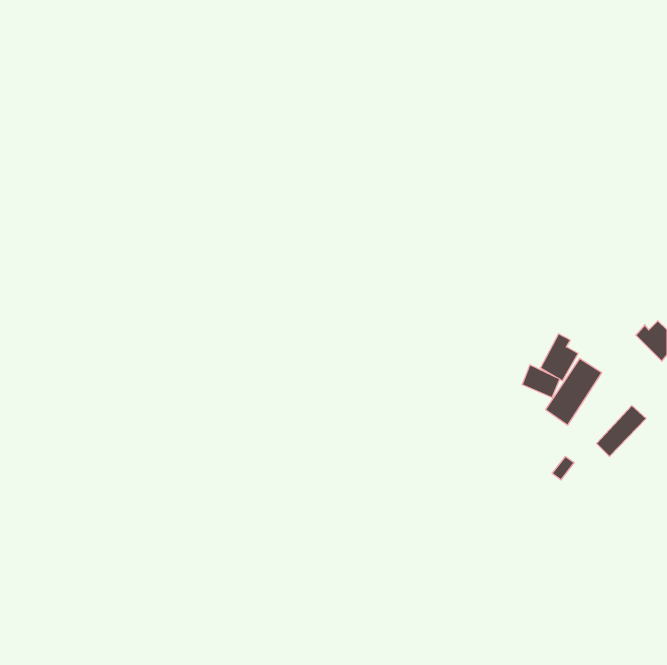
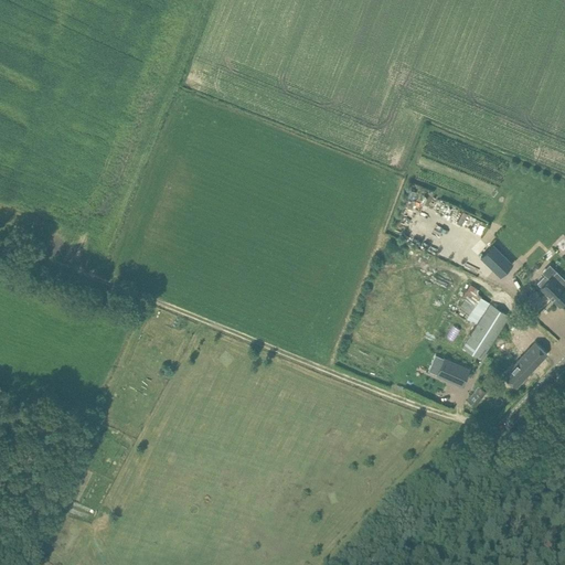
building: none -> [481,246,512,277]
building: [522,365,560,397] -> [437,359,469,386]

